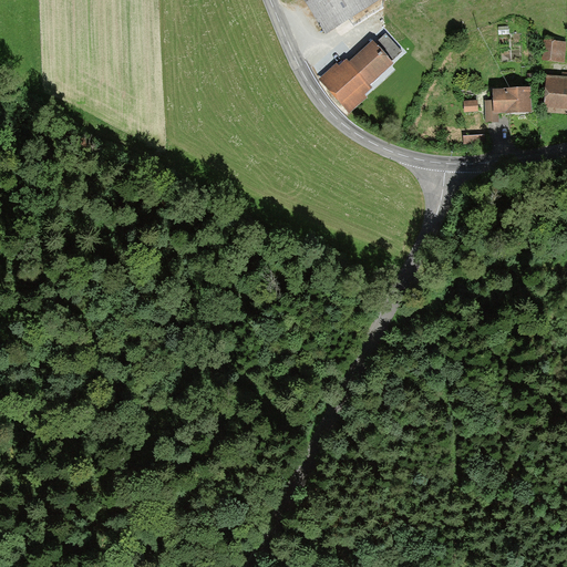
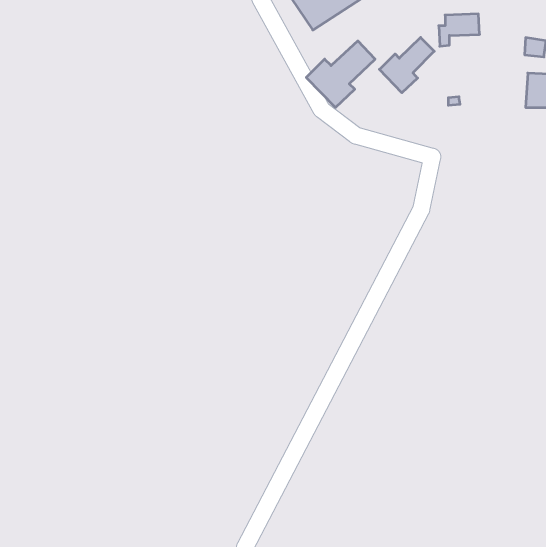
building: none -> [379,37,434,93]
building: [487,87,529,121] -> [439,14,480,46]

